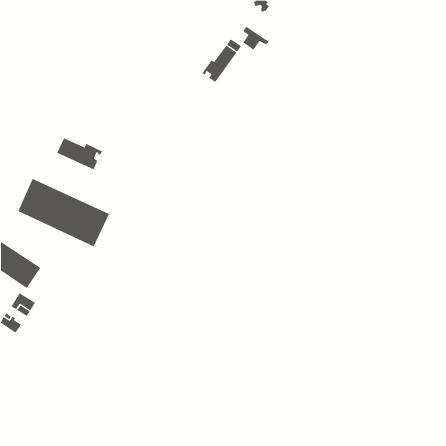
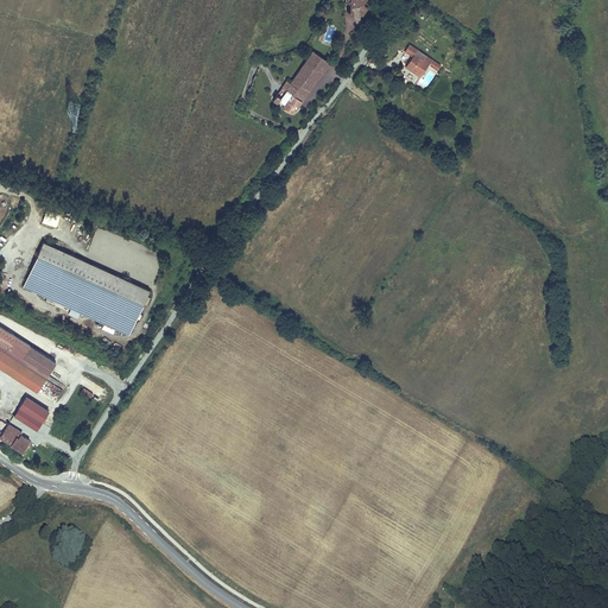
building: [242,26,269,50] -> [404,45,441,78]
building: [56,138,103,170] -> none

